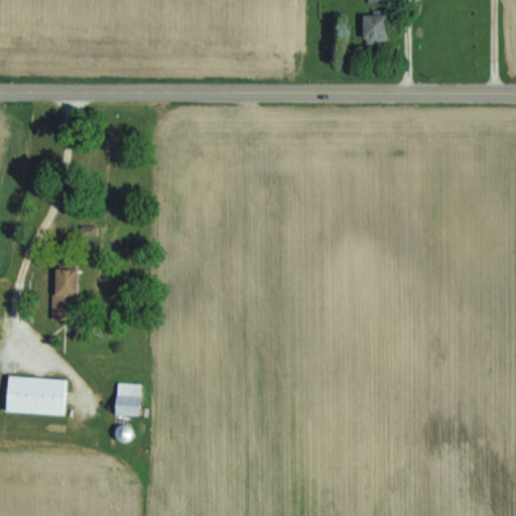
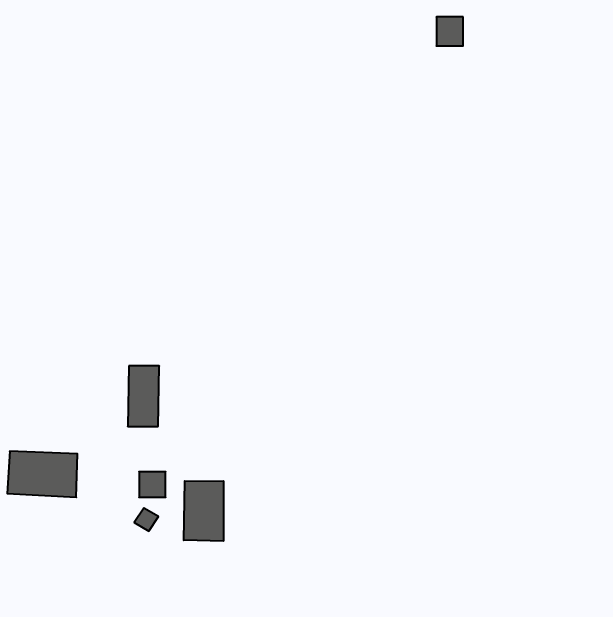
building: [51,268,78,318] -> [128,366,159,426]
building: none -> [184,481,223,541]

